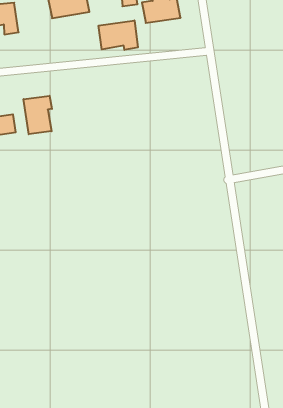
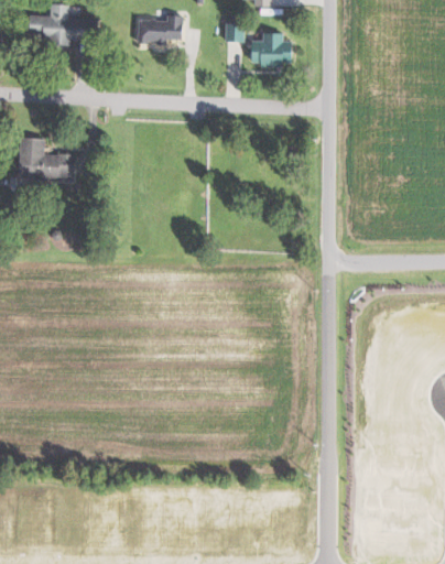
building: [99,20,138,50] -> none
building: [24,96,52,134] -> none

